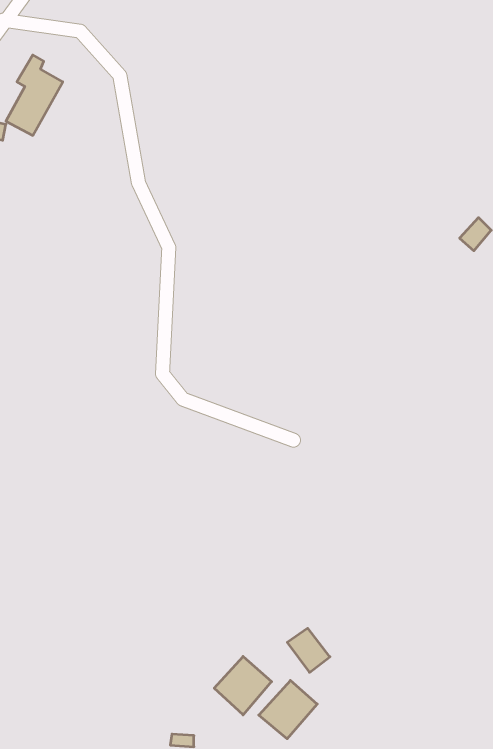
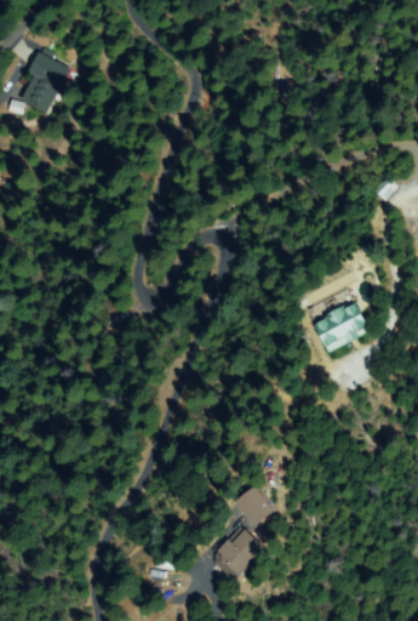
building: none -> [315,303,366,349]
building: [214,656,272,715] -> none

